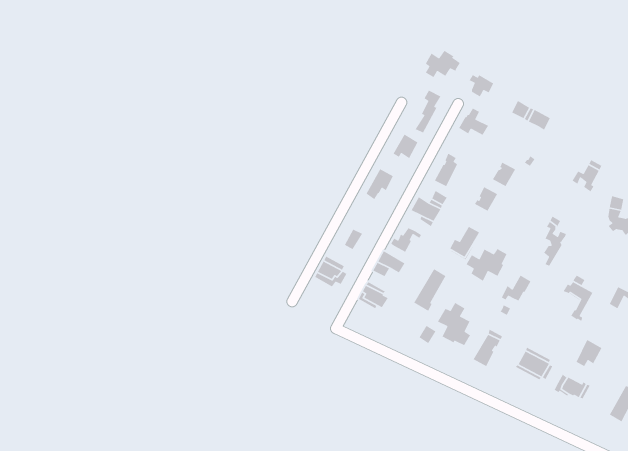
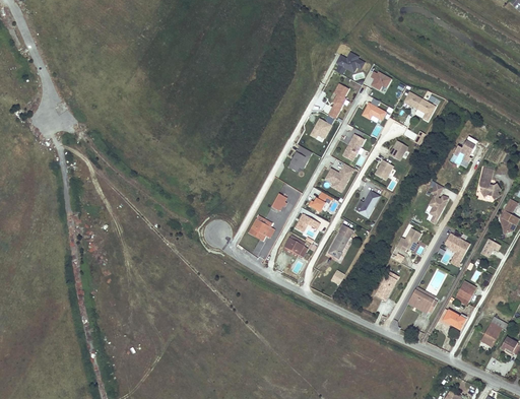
building: [465,248,508,282] -> none
building: [437,302,471,346] -> none

